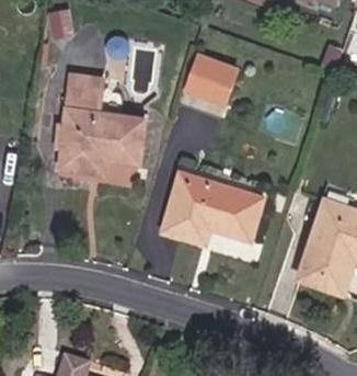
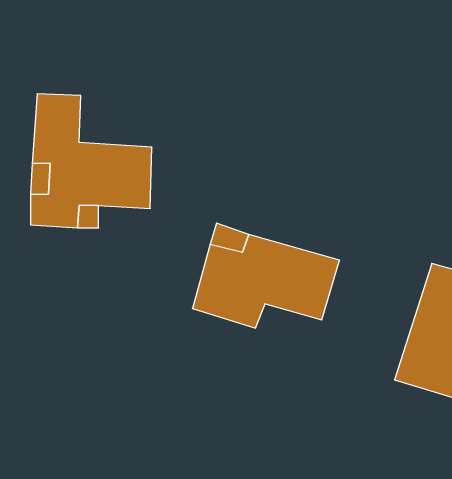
building: [183,48,235,98] -> none

